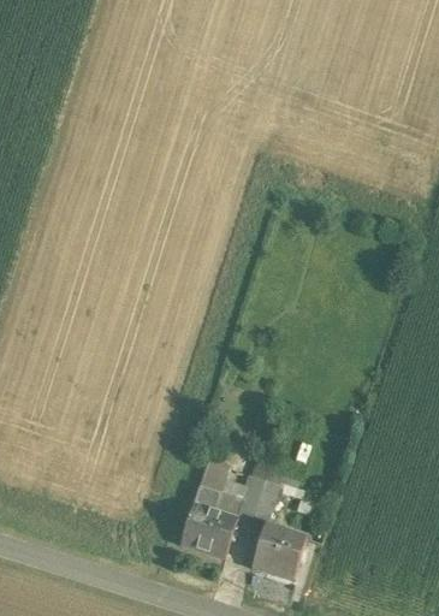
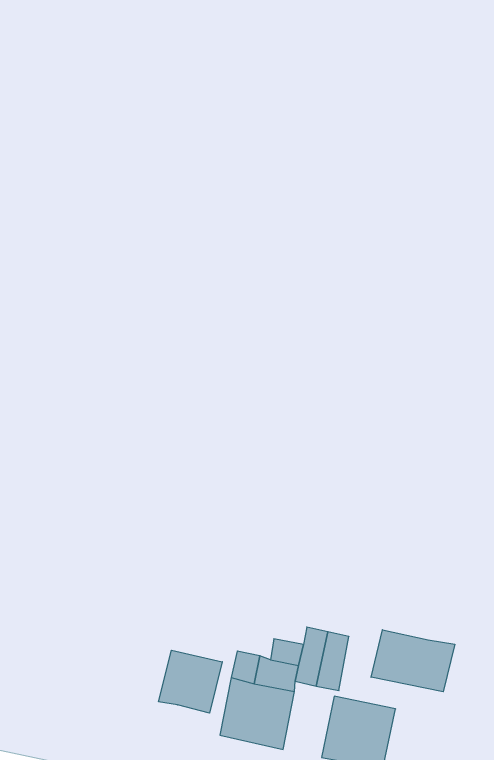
building: none -> [159,650,222,713]
building: none -> [371,630,455,692]

